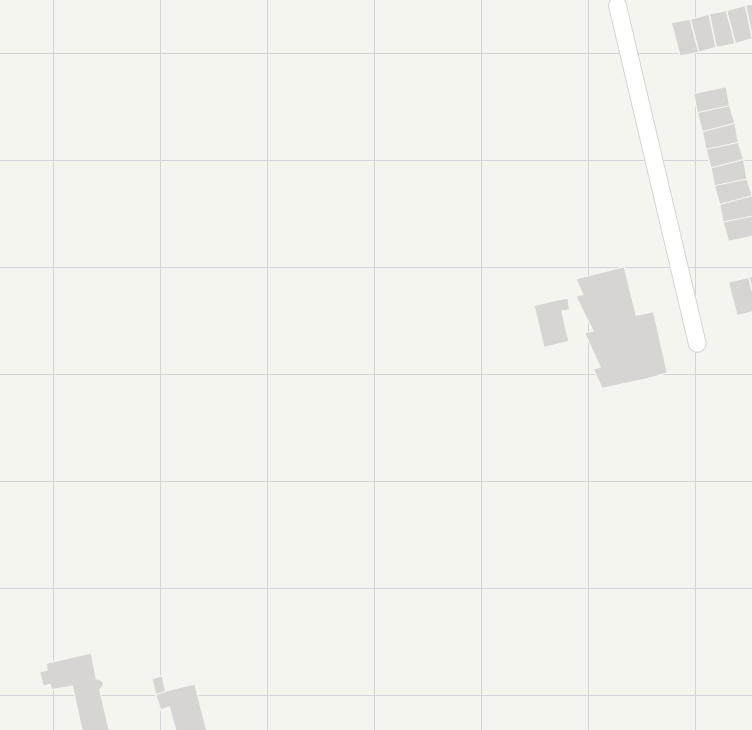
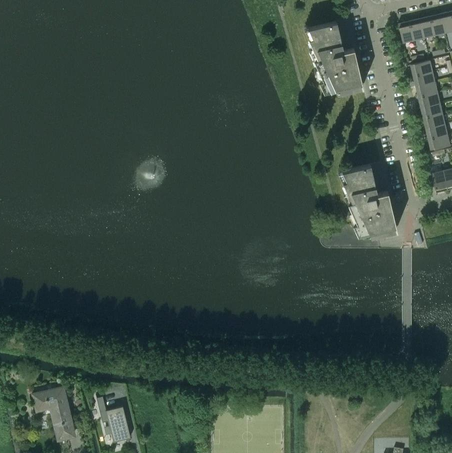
building: none -> [309,22,363,93]
building: [534,298,570,348] -> none

